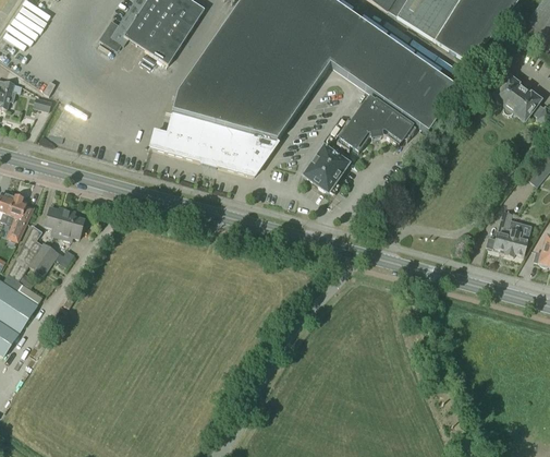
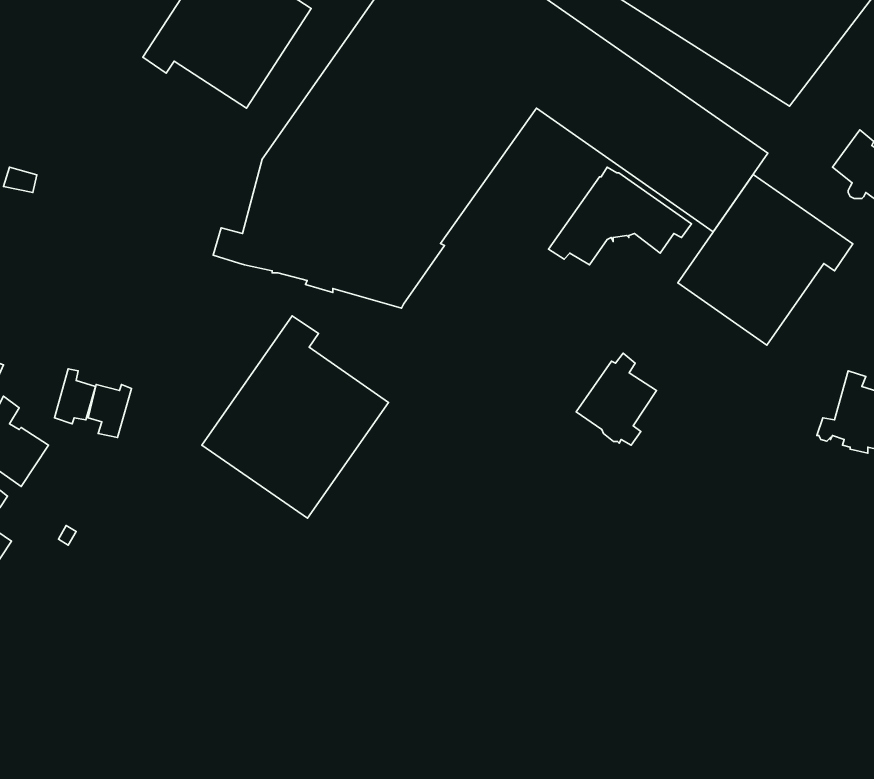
building: none -> [678,174,853,345]
building: [304,141,349,192] -> [576,353,657,445]
building: none -> [202,316,388,518]
building: [46,206,70,236] -> [88,385,131,438]

